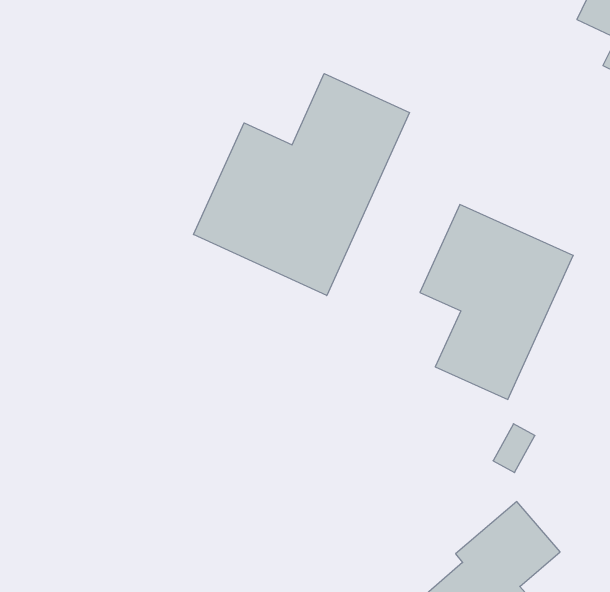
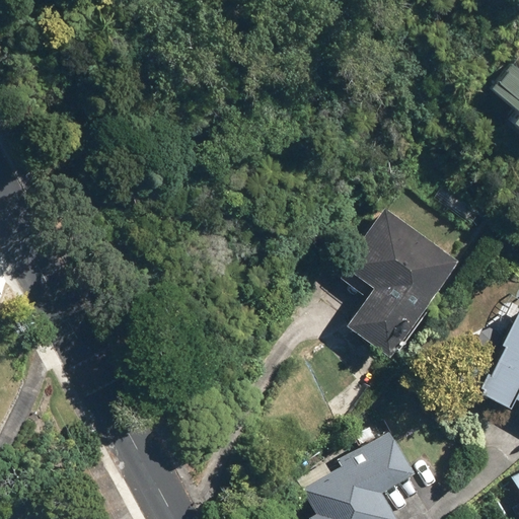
building: [194,74,409,296] -> none

